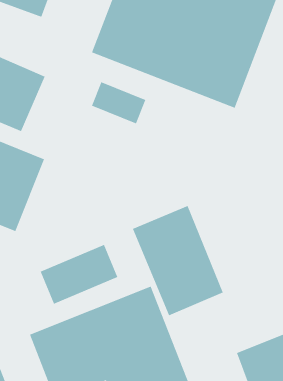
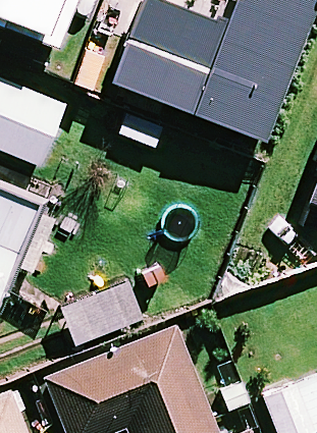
building: [132,205,223,316] -> none

